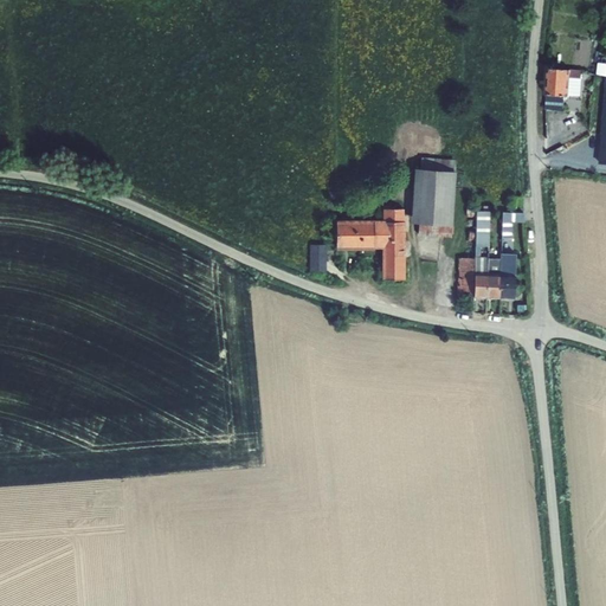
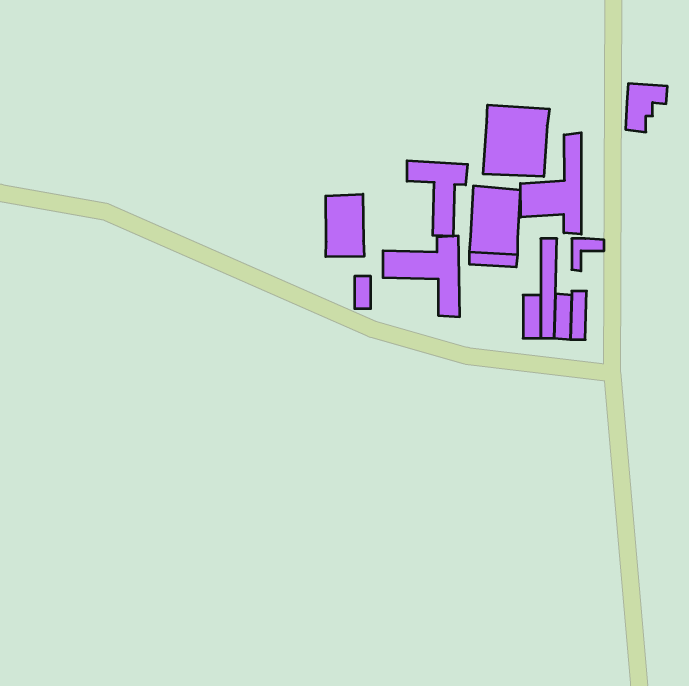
building: none -> [483,105,549,177]
building: none -> [520,133,581,234]
building: none -> [407,161,468,236]
building: none -> [326,194,364,257]

